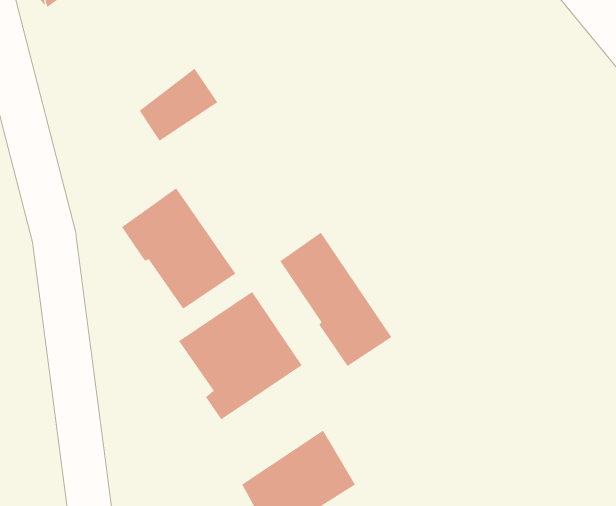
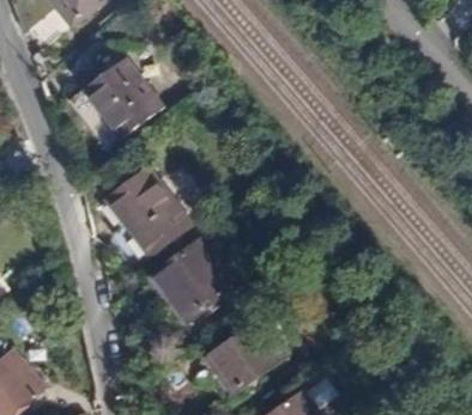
building: none -> [89,56,147,116]
building: [279,232,392,367] -> none

